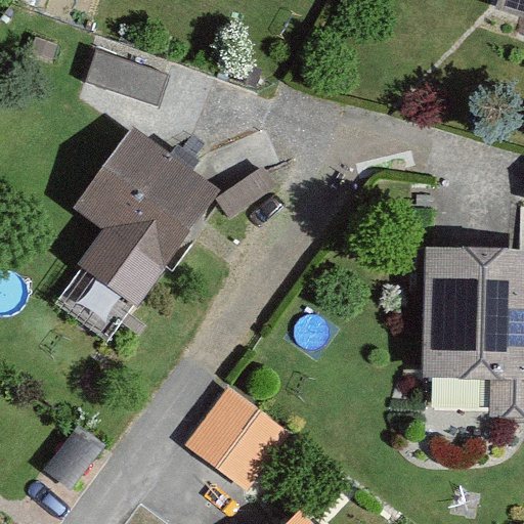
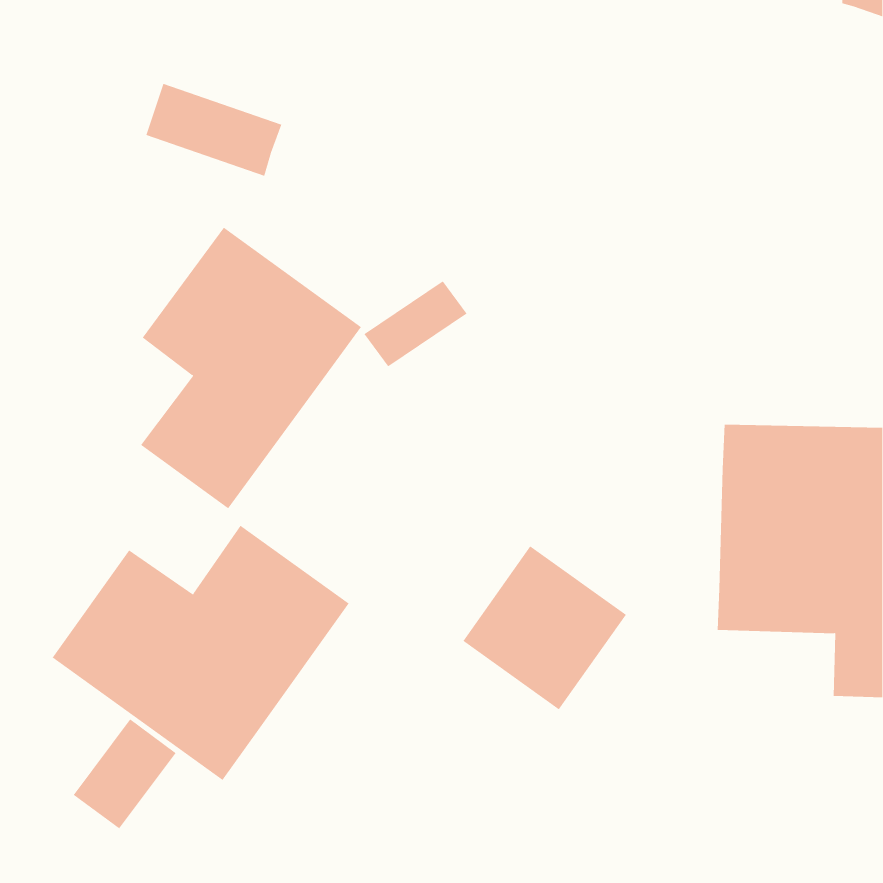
building: none -> [52,525,350,781]
building: [188,392,286,489] -> [462,546,627,710]

